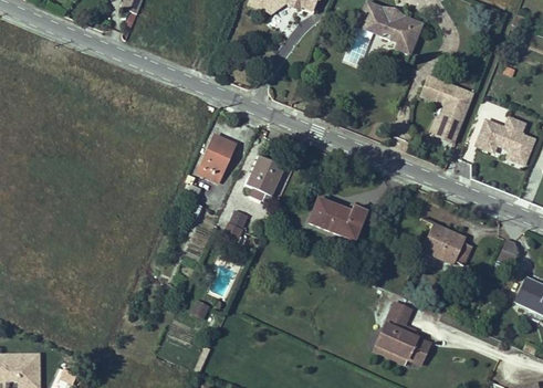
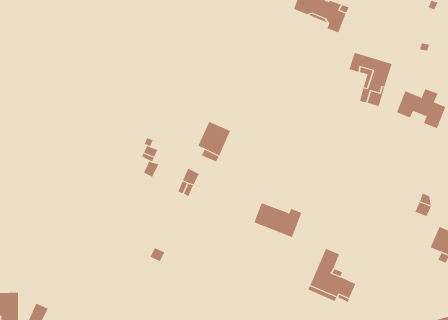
building: [198,134,236,181] -> none
building: [310,199,366,240] -> [253,202,302,238]
building: [422,223,472,264] -> none

